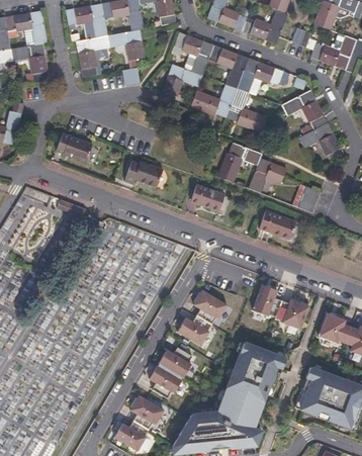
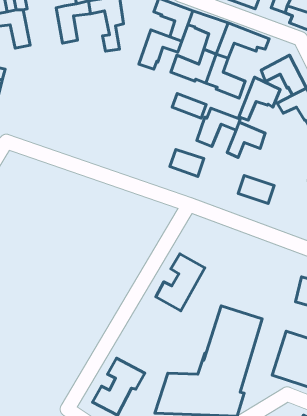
building: none -> [239,77,280,120]
building: none -> [172,94,206,118]
building: [56,132,93,162] -> none
building: [124,160,162,186] -> none
building: [291,184,320,213] -> none
building: [250,285,307,329] -> none
building: [149,348,193,394] -> none

